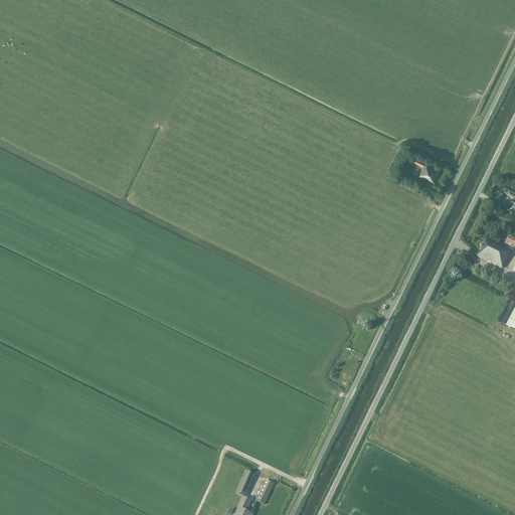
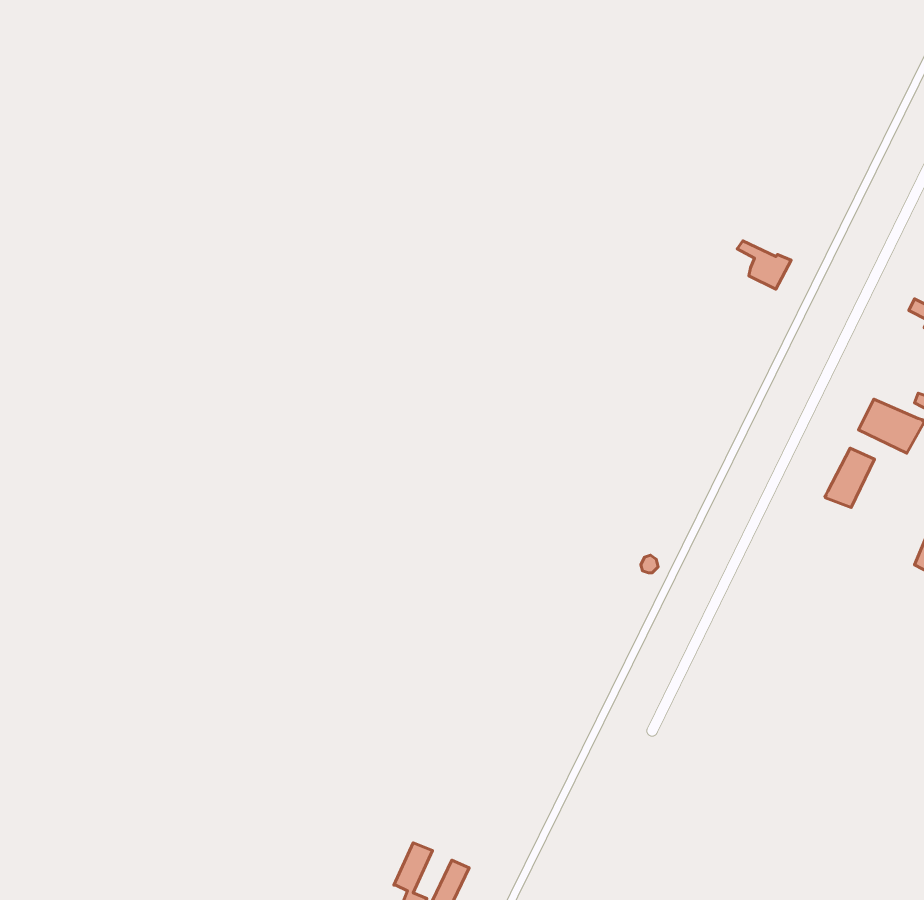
building: none -> [825,448,874,508]

